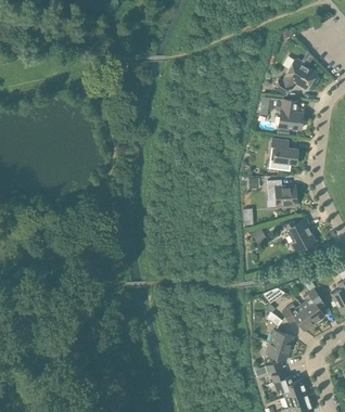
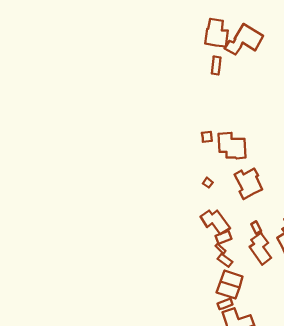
building: [279,99,304,129] -> [205,19,228,47]
building: [270,139,298,170] -> none
building: [283,304,316,330] -> [200,210,230,234]

